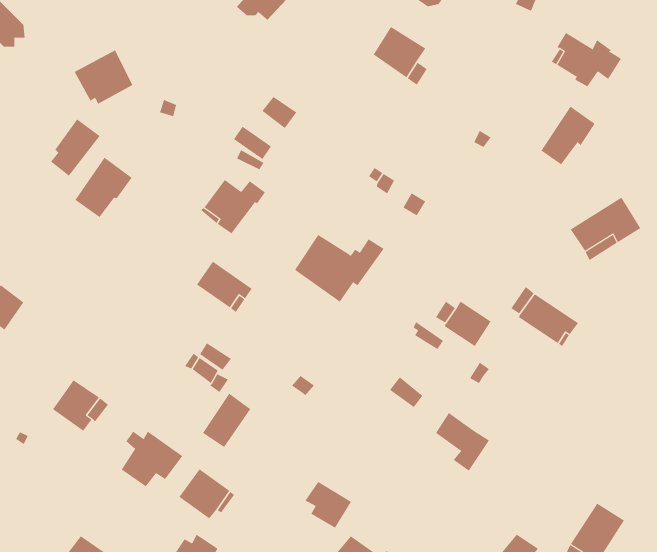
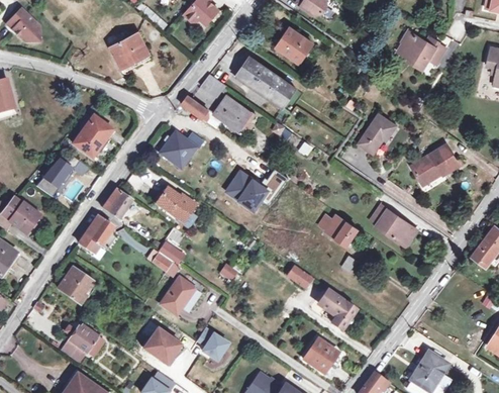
building: [74,50,133,104] -> [111,33,152,71]
building: none -> [236,57,296,107]
building: [541,106,596,165] -> [359,113,396,154]
building: [50,118,100,176] -> [38,155,73,194]
building: none -> [214,95,254,135]
building: none -> [103,189,133,219]
building: none -> [79,215,117,256]
building: [121,431,183,487] -> [62,323,104,362]
building: [304,481,352,529] -> [196,327,228,360]
building: none -> [304,338,338,376]

